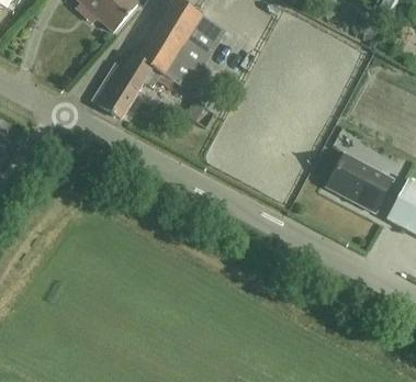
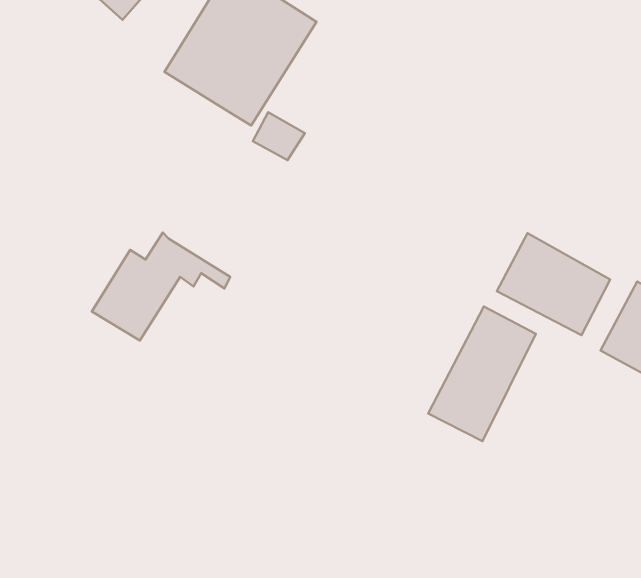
building: [92,57,171,119] -> [92,233,230,340]
building: none -> [428,306,536,441]

